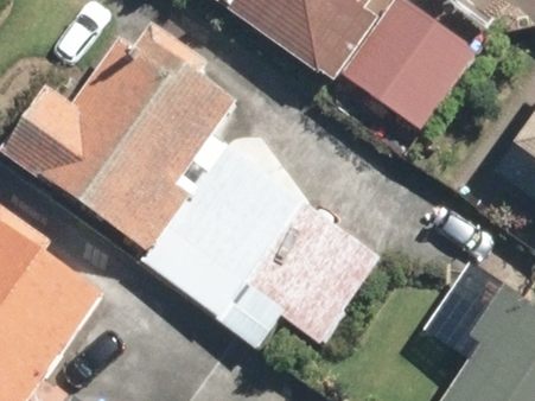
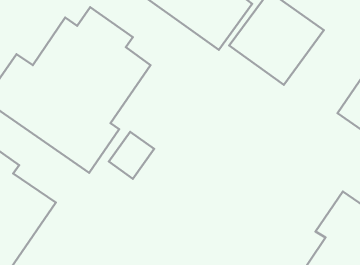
building: [240,198,383,342] -> none

